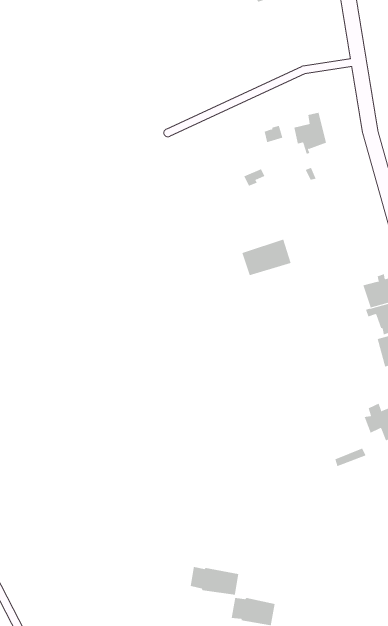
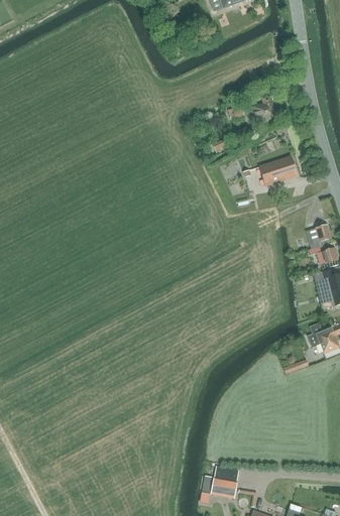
building: [242,239,292,276] -> [257,155,297,184]
building: [190,566,239,595] -> none

